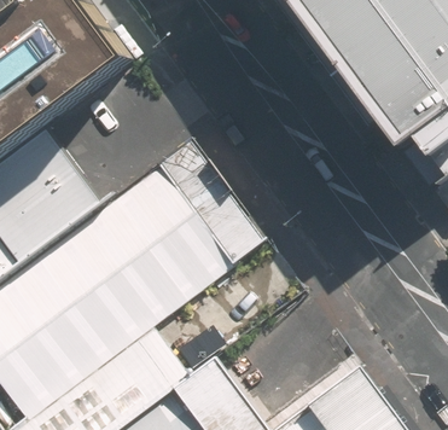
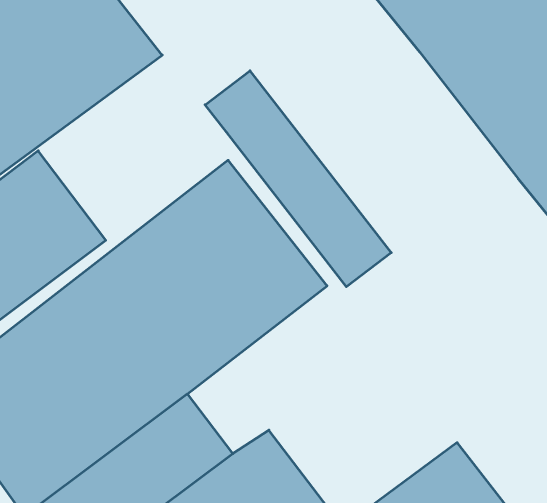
building: none -> [205,71,391,287]

